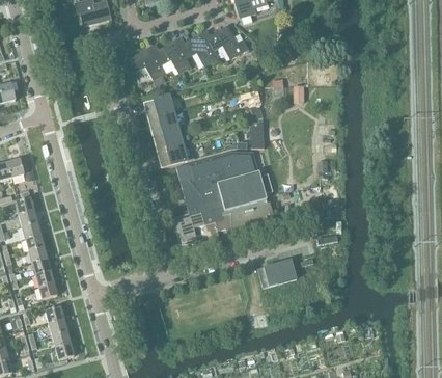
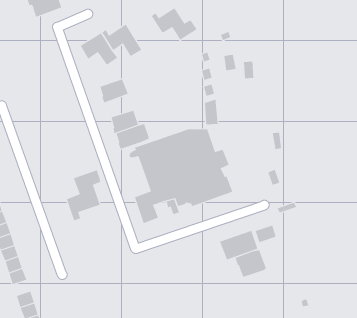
building: [176,31,217,65] -> none
building: [148,109,182,133] -> none
building: none -> [66,169,101,221]
building: none -> [235,249,266,278]

